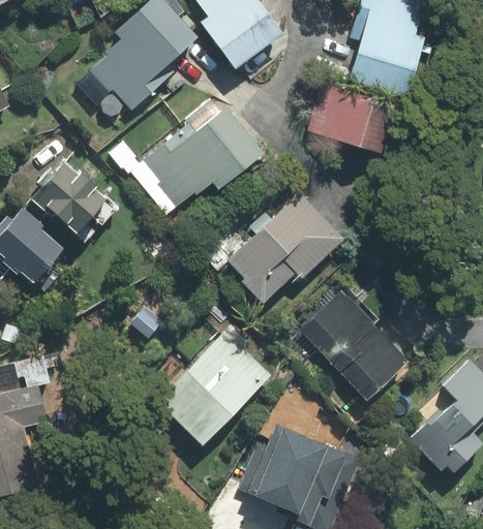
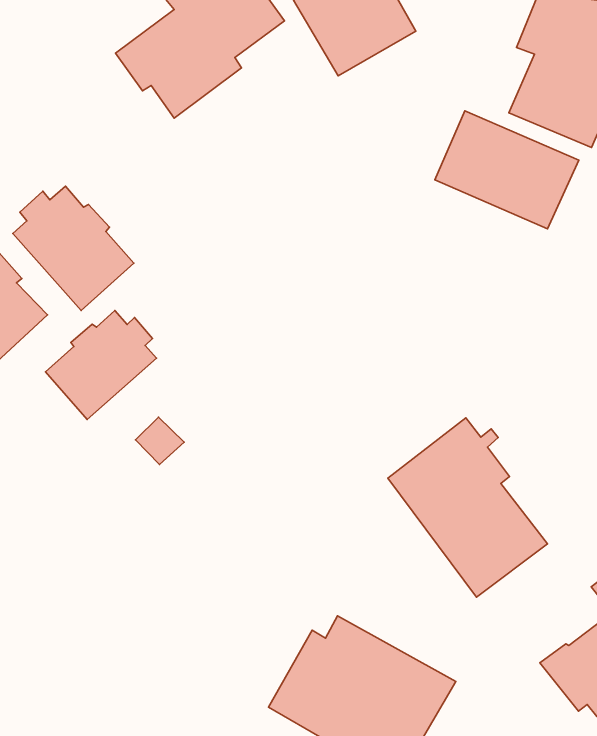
building: [108,100,263,216] -> none
building: [229,192,345,304] -> none
building: none -> [45,310,156,420]
building: [158,325,271,445] -> none

